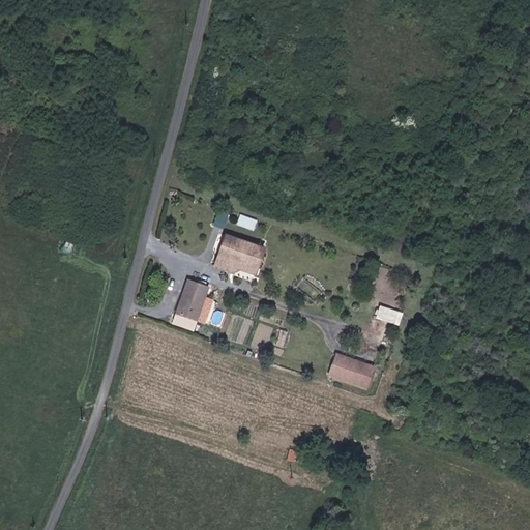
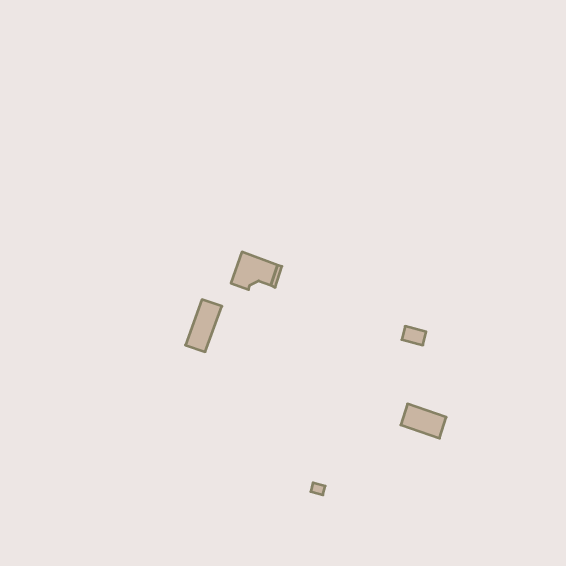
building: [330,354,373,386] -> [401,404,446,438]

